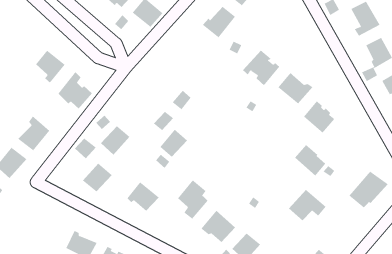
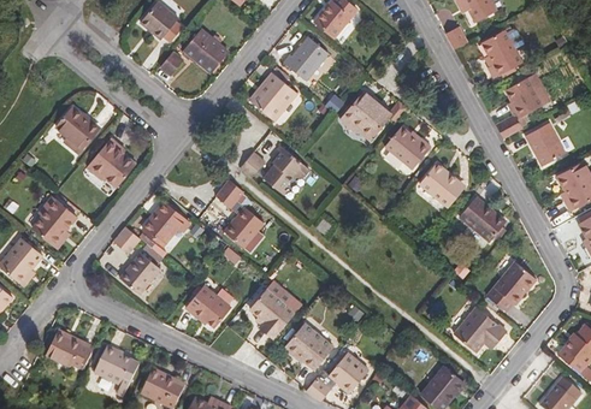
building: none -> [253,73,299,123]
building: none -> [266,150,313,197]
building: [294,144,326,176] -> [462,200,506,243]
building: [288,189,326,221] -> [451,308,503,351]
building: none -> [47,326,93,361]

